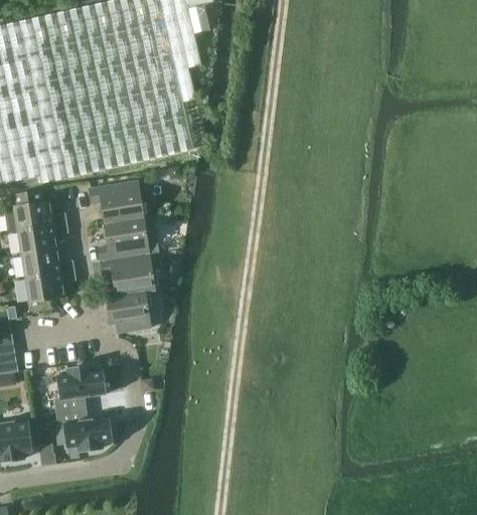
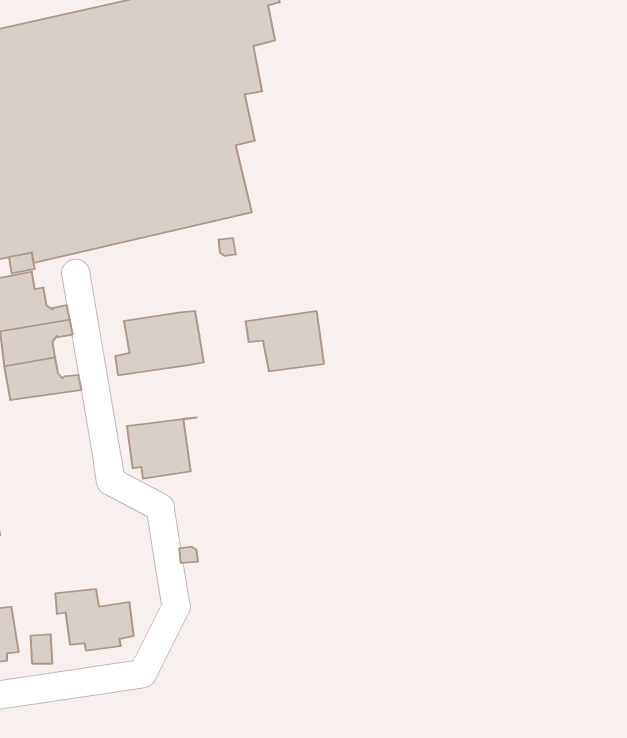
building: [89,181,143,223] -> none
building: [100,253,154,295] -> [245,311,324,371]
building: [25,271,75,302] -> none
building: [54,366,105,411] -> none

